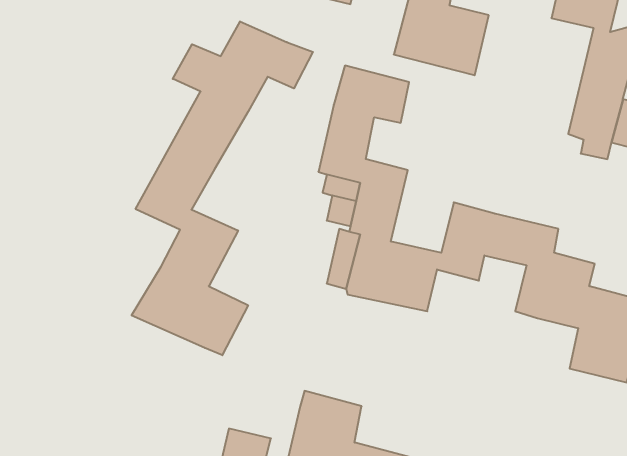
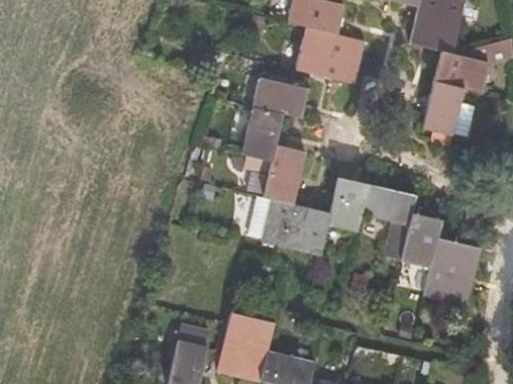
building: [132,21,313,355] -> none

